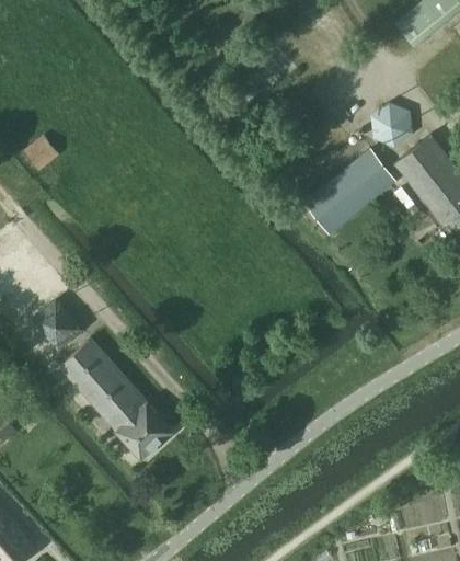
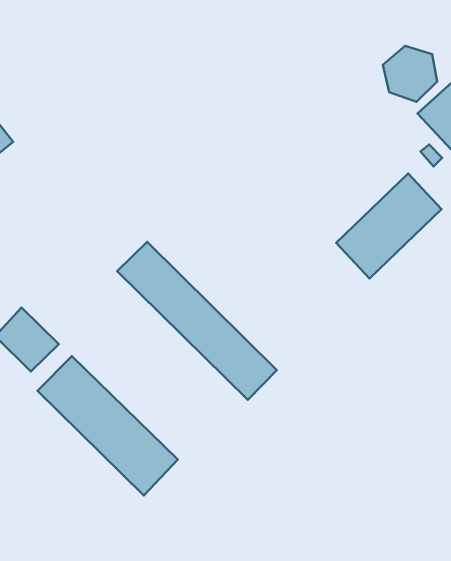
building: [307,148,396,232] -> [336,173,442,278]
building: none -> [117,242,277,400]

